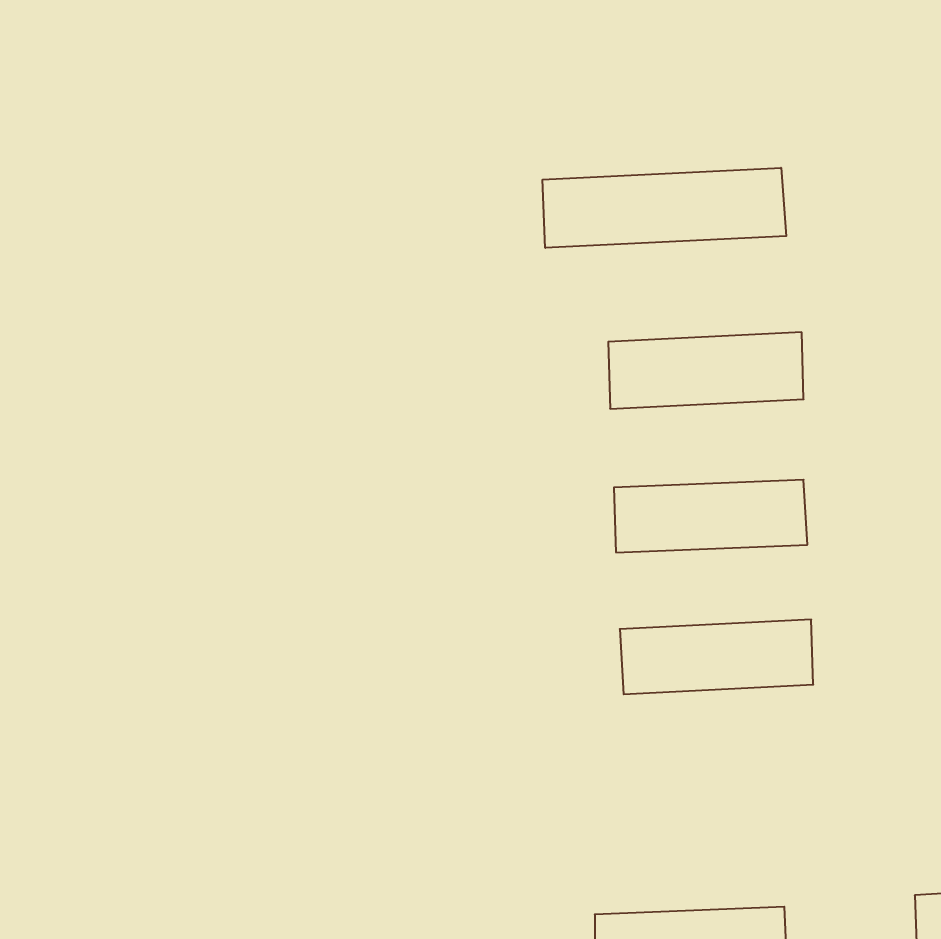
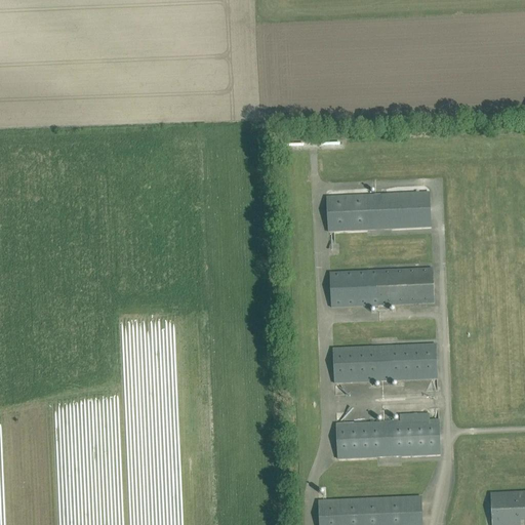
building: [543,168,786,248] -> none
building: none -> [335,410,440,458]

